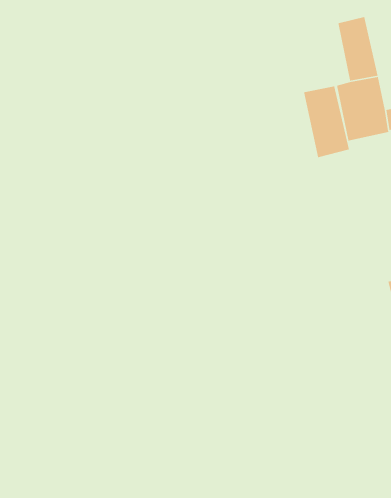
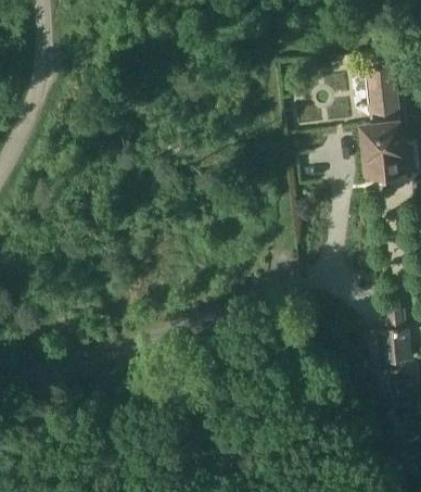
building: [303,86,350,158] -> none

